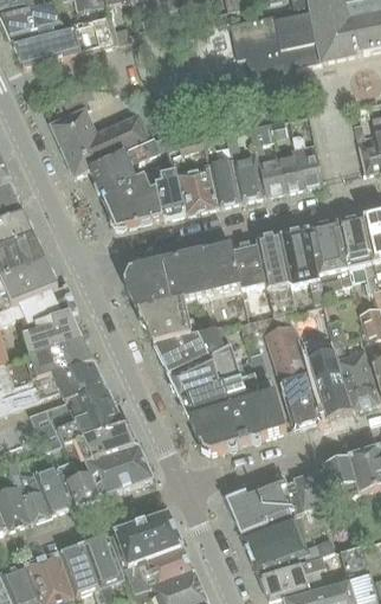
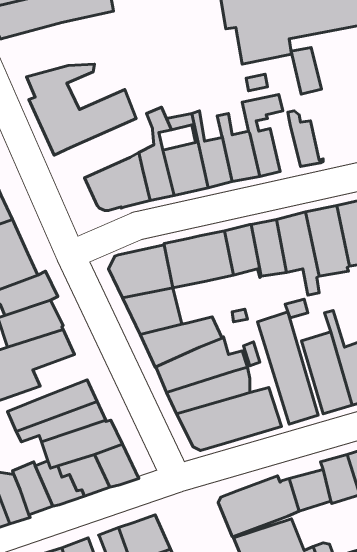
building: [89,135,166,195] -> none
building: [276,146,304,189] -> [291,47,321,94]
building: [53,361,104,400] -> none

